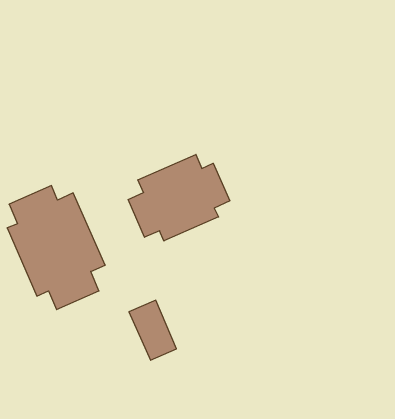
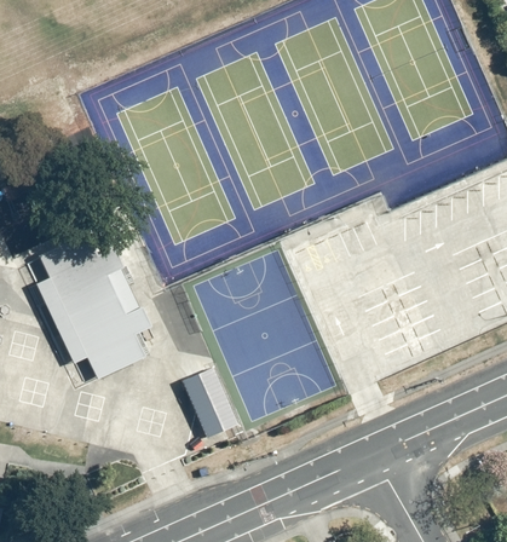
building: [128,154,230,241] -> none

